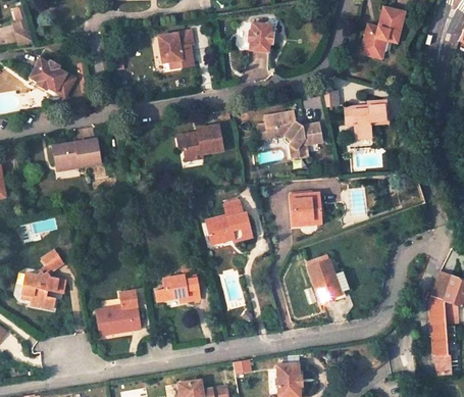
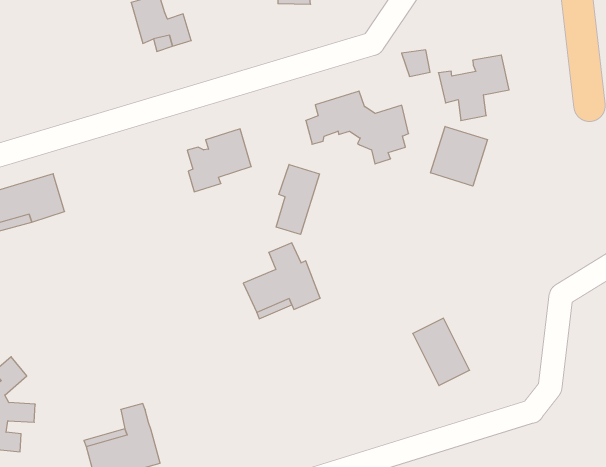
building: none -> [431,126,487,186]
building: none -> [276,164,319,234]
building: [291,192,324,222] -> none
building: [157,266,203,300] -> none

